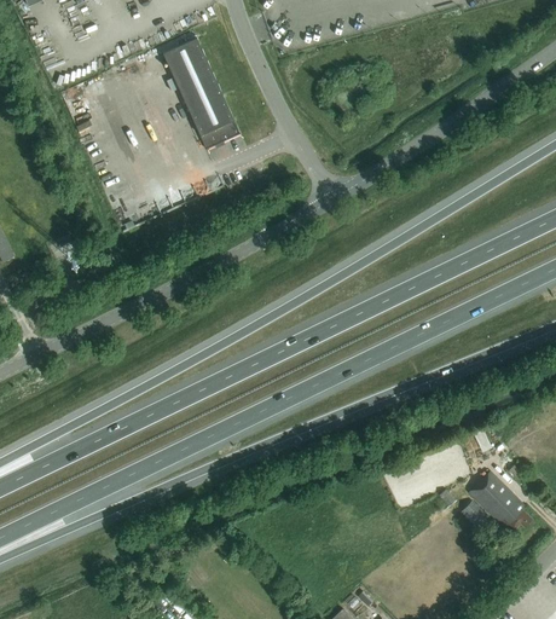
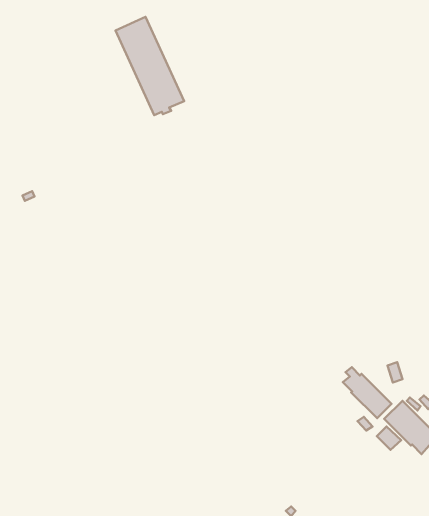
building: none -> [343,367,392,418]

